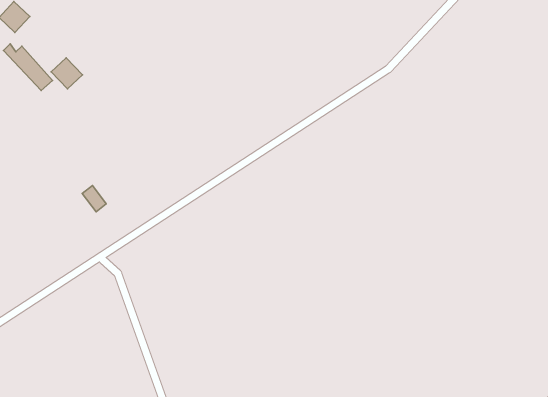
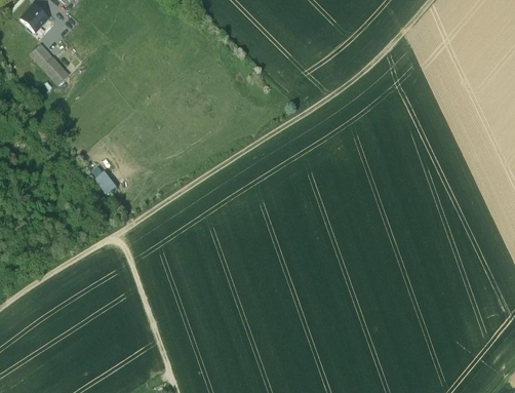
building: [51,58,82,89] -> none

